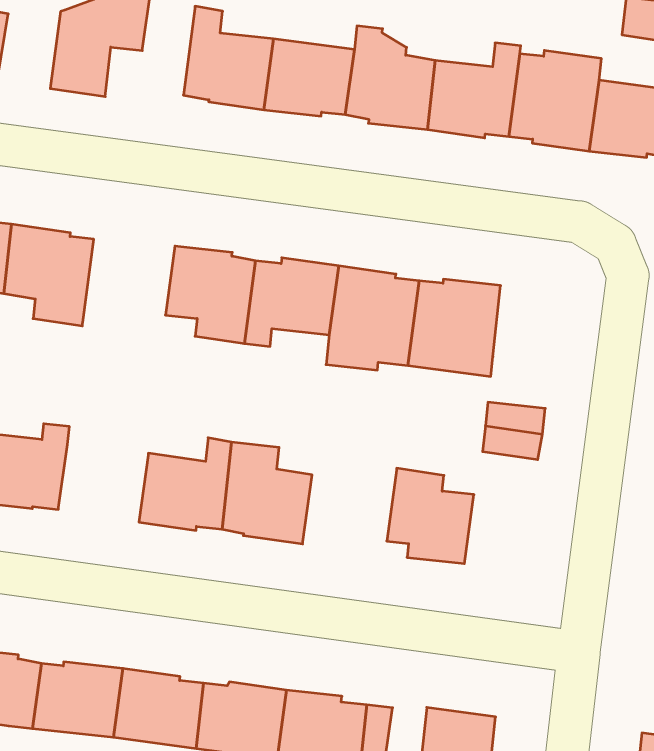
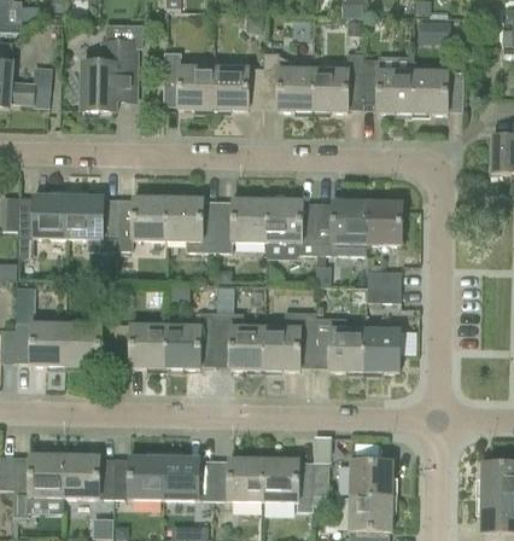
building: none -> [117,197,168,250]
building: none -> [367,200,402,244]
building: none -> [115,325,165,367]
building: none -> [264,312,316,370]
building: none -> [363,328,399,372]

